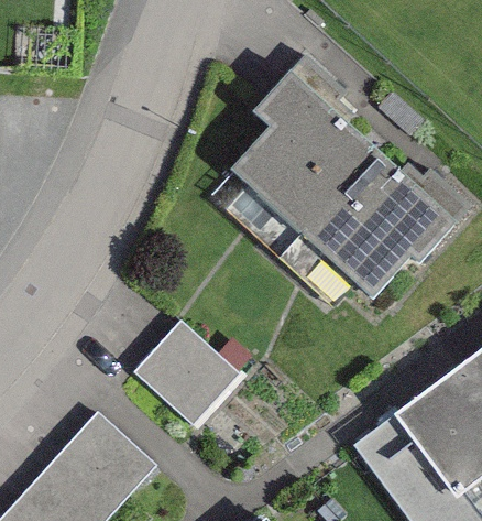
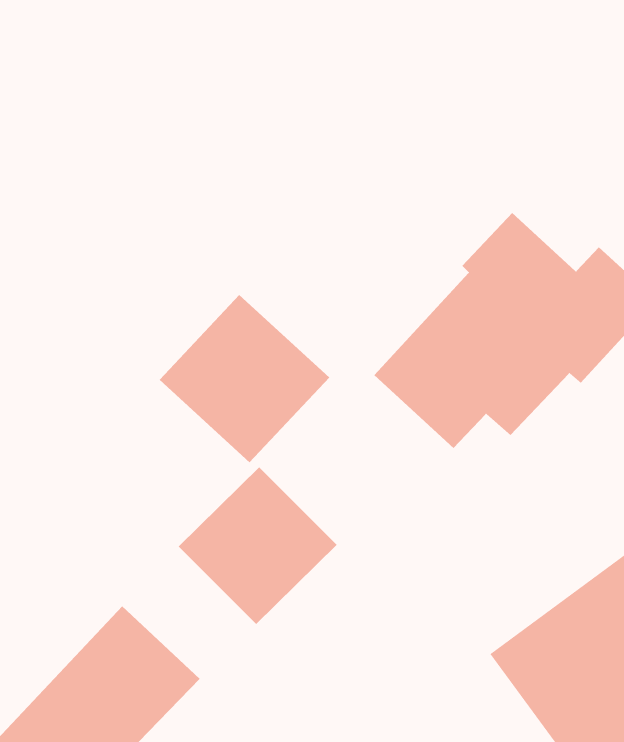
building: [223,56,370,257] -> none
building: none -> [159,294,330,463]

